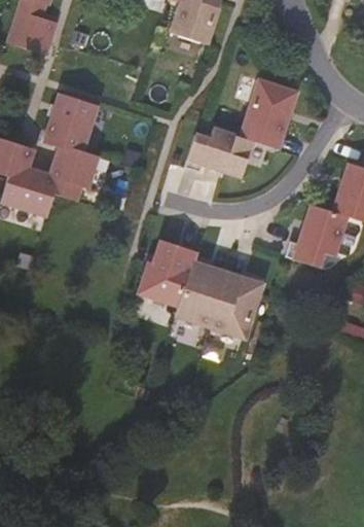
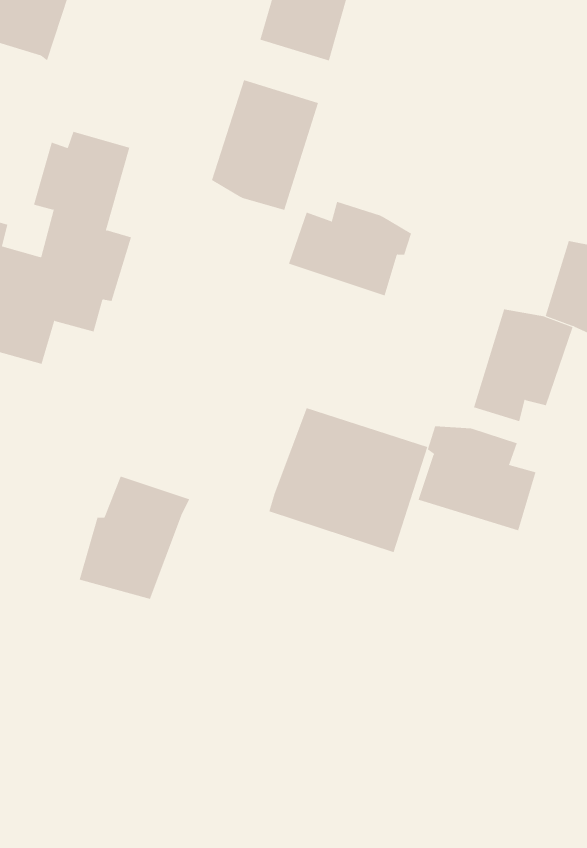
building: [239,84,300,160] -> [211,80,319,211]
building: [136,231,199,302] -> [79,476,190,600]
building: none -> [418,425,536,531]

